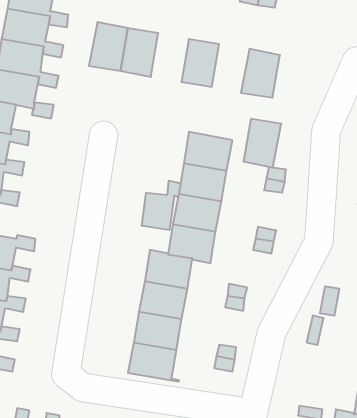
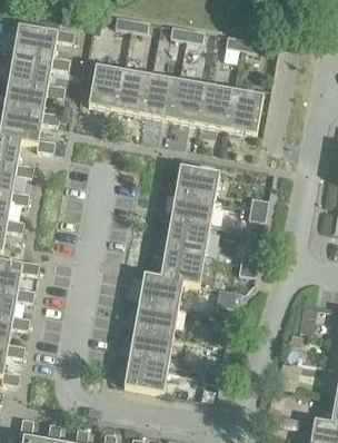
building: none -> [145,73,179,118]
building: [244,119,281,168] -> [200,83,235,128]
building: [142,181,181,230] -> none

